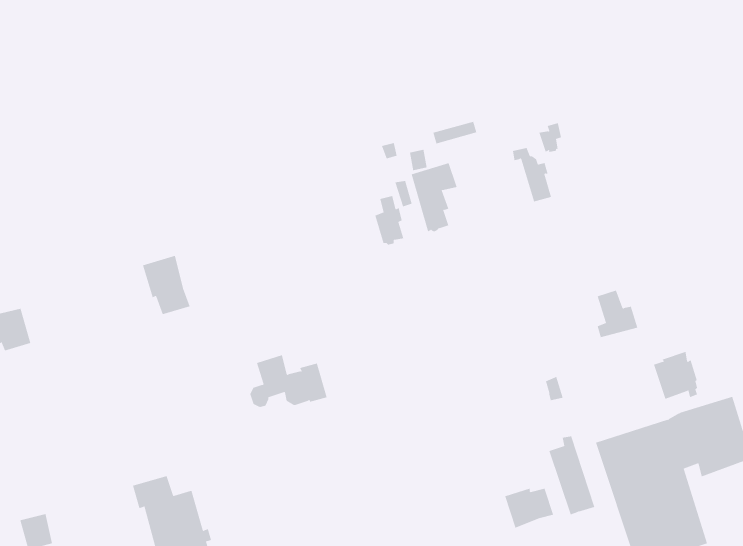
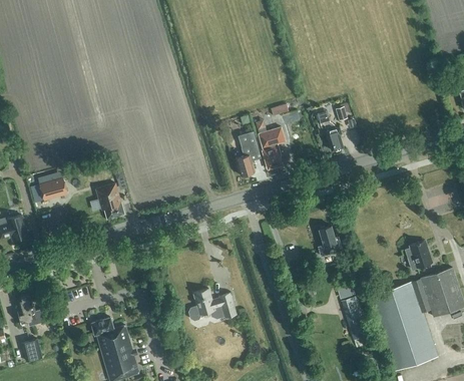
building: none -> [40,175,69,199]
building: [597,290,638,338] -> [319,226,344,255]
building: [249,354,327,407] -> [188,288,236,320]
building: none -> [17,296,49,326]
building: [505,488,554,528] -> none

